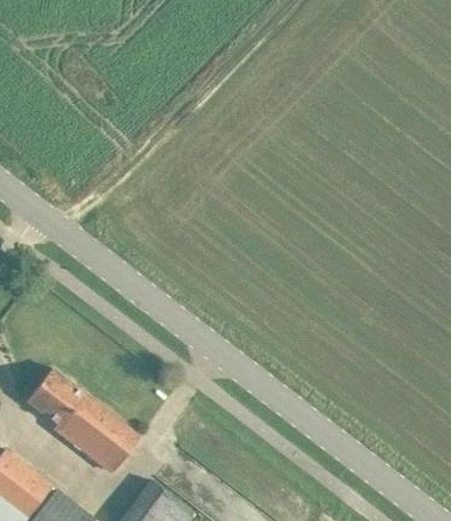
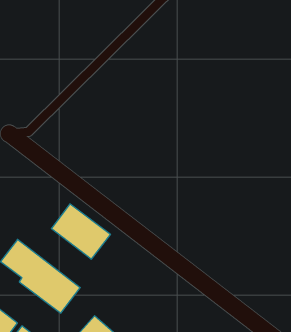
building: none -> [51,204,110,259]

